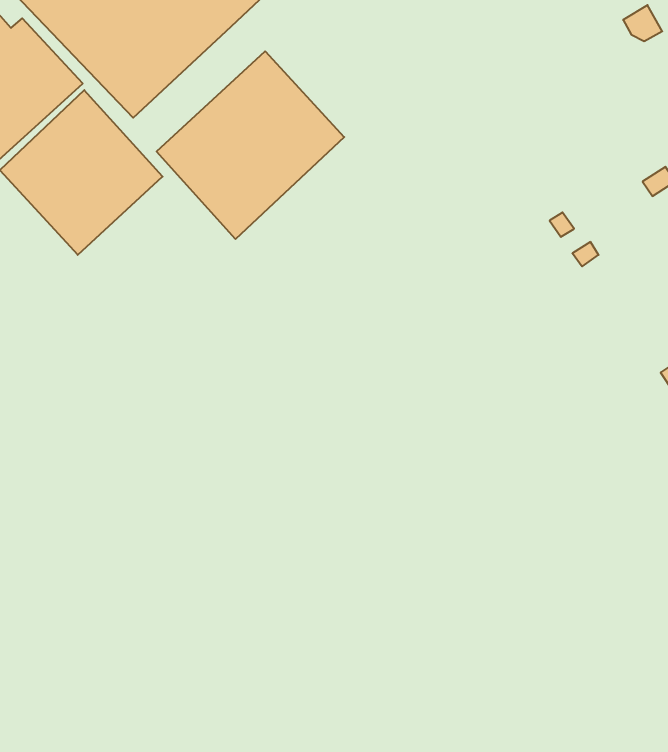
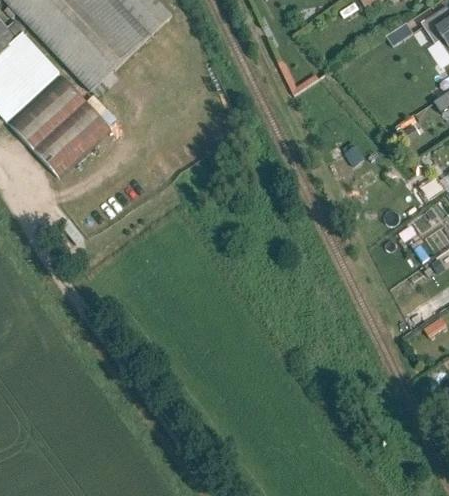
building: [157,51,344,239] -> none

